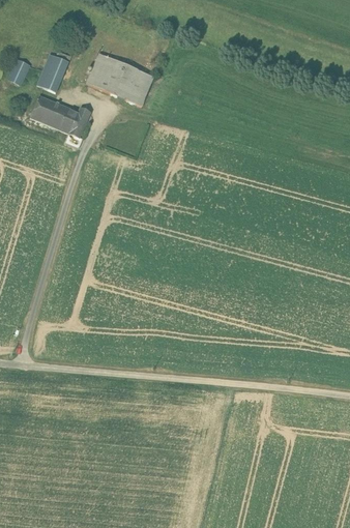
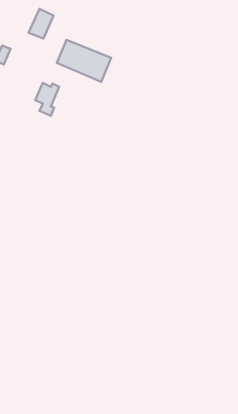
building: [36,54,67,91] -> [29,9,53,39]
building: [30,95,68,128] -> none

